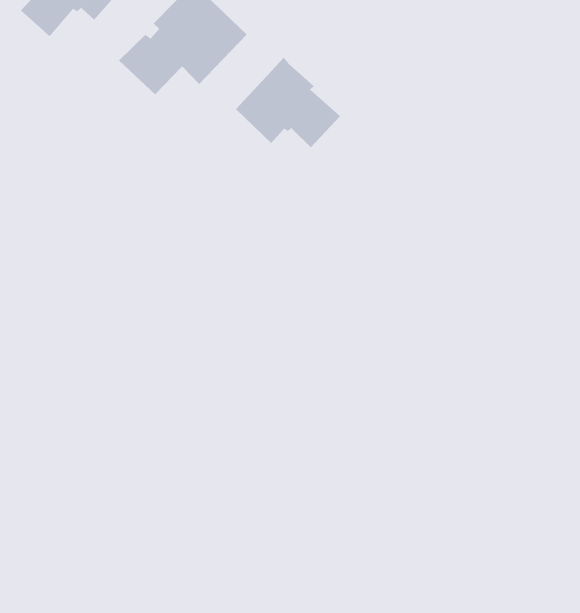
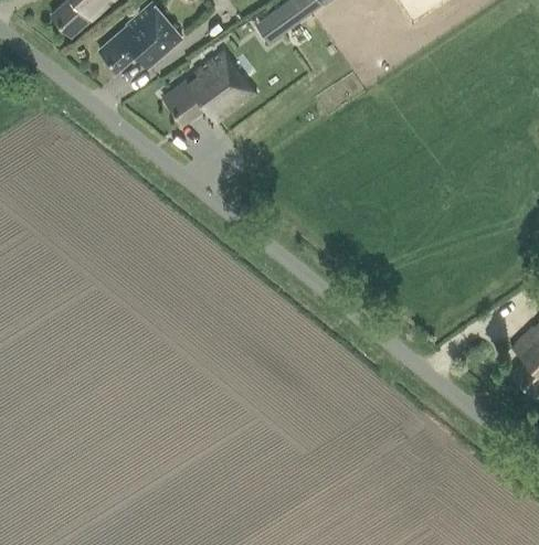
building: [235,57,341,148] -> none

